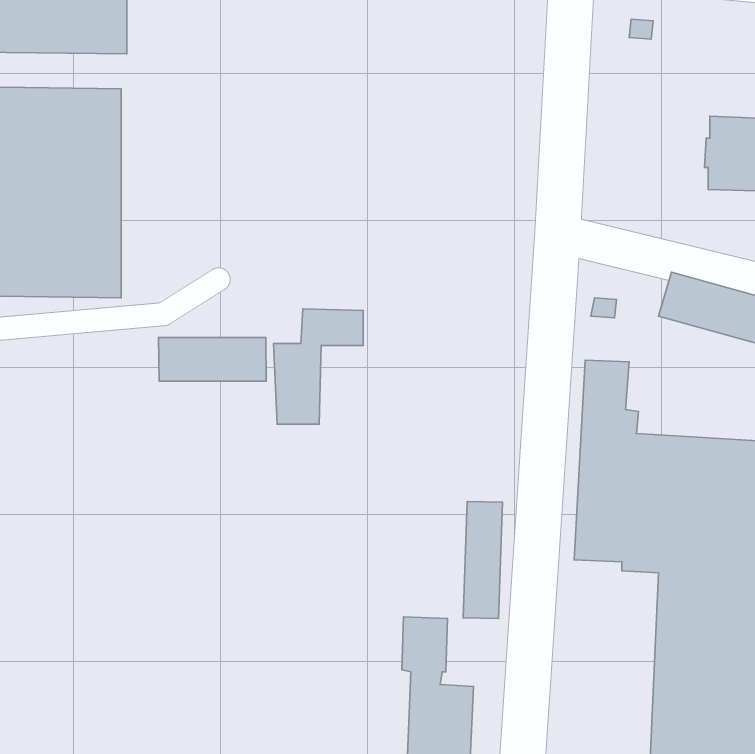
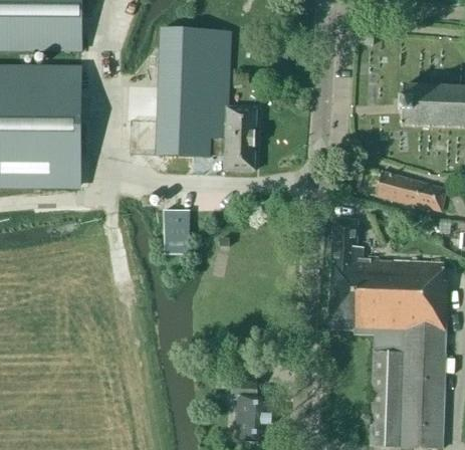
building: none -> [159,28,255,170]
building: [159,338,266,381] -> none
building: [463,502,502,619] -> none

